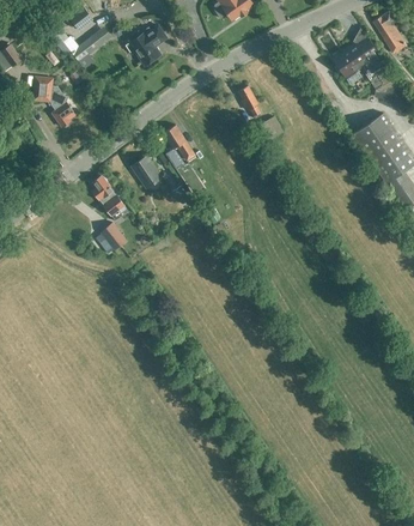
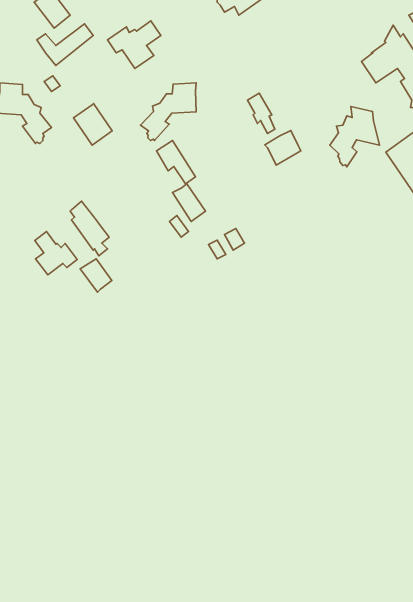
building: none -> [141,83,196,141]
building: none -> [330,106,379,167]
building: [129,155,162,189] -> [73,103,112,145]
building: none -> [35,232,77,275]

